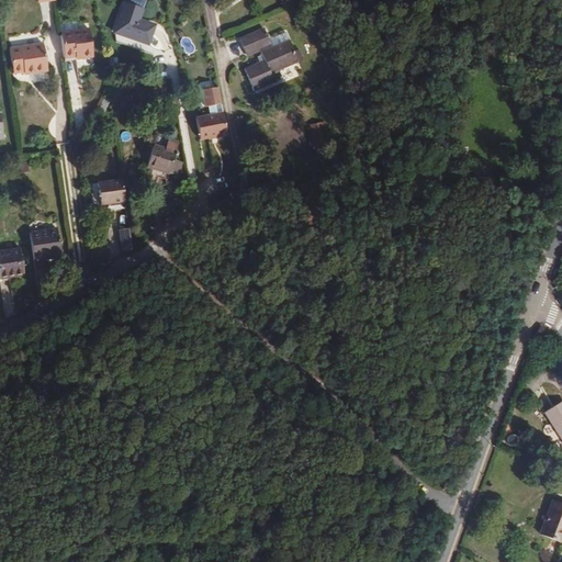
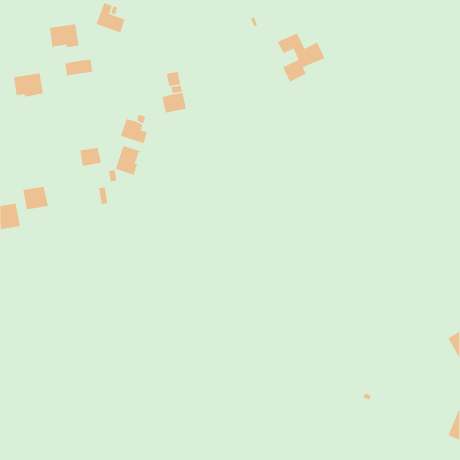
building: [239,27,299,89] -> [277,32,326,83]
building: [10,42,47,72] -> [13,72,44,98]
building: none -> [64,59,93,76]
building: none -> [115,142,142,176]

